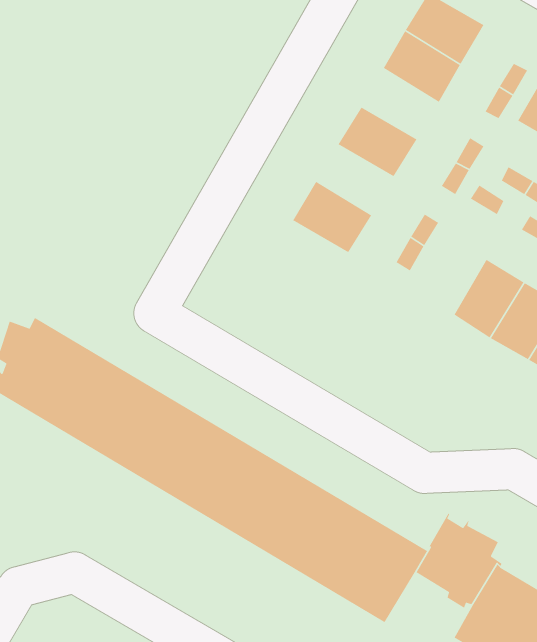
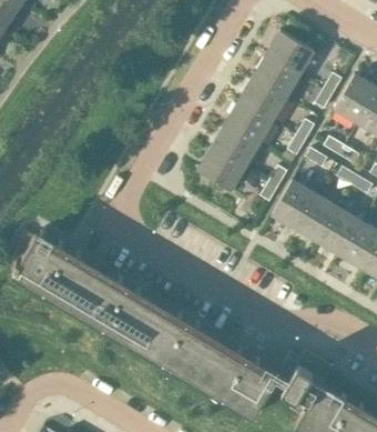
building: none -> [238,78,286,121]
building: none -> [211,124,258,168]
building: none -> [271,181,315,229]

